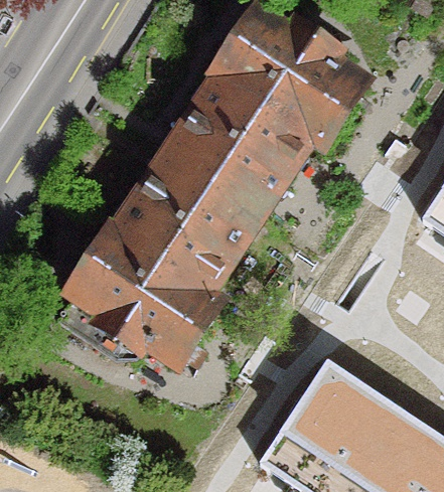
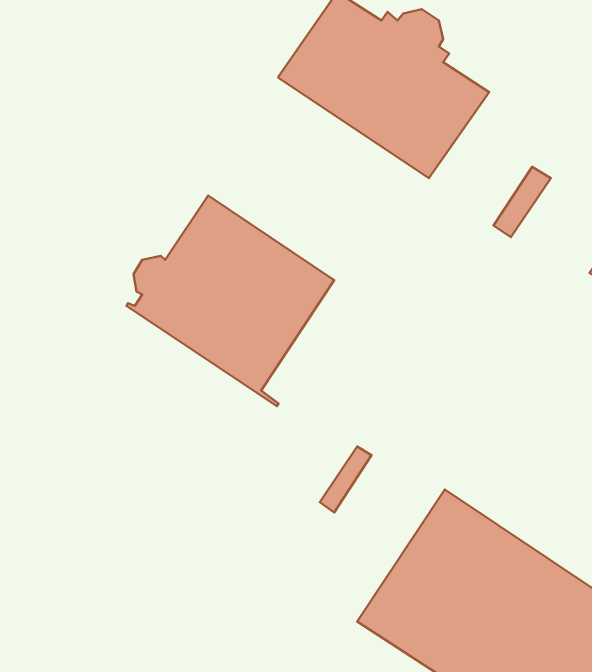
building: [163,74,318,216] -> none
building: [52,234,211,367] -> none

